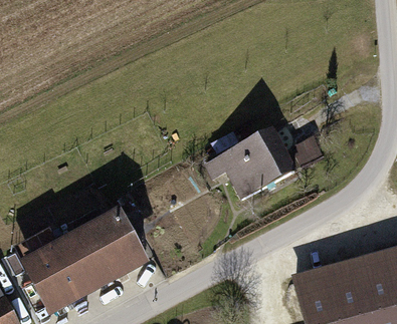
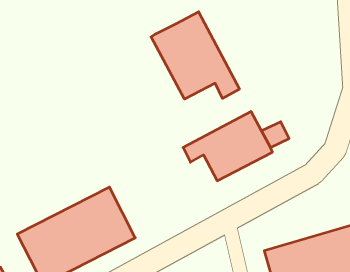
building: none -> [151,12,239,99]

